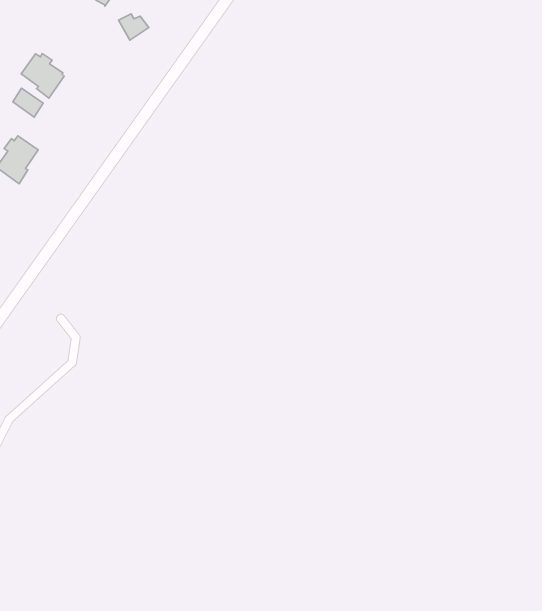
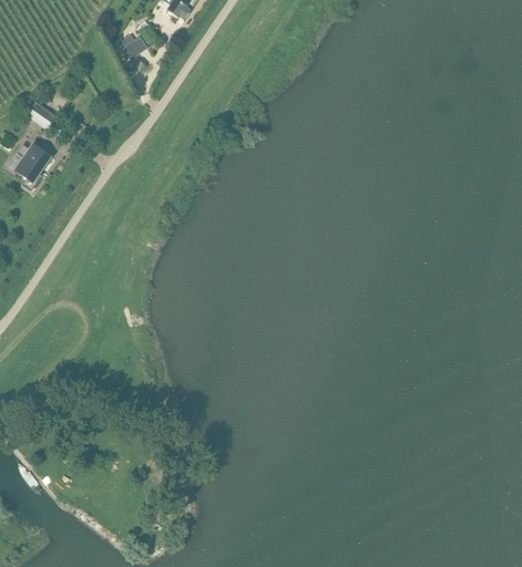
building: [21,54,64,98] -> none

